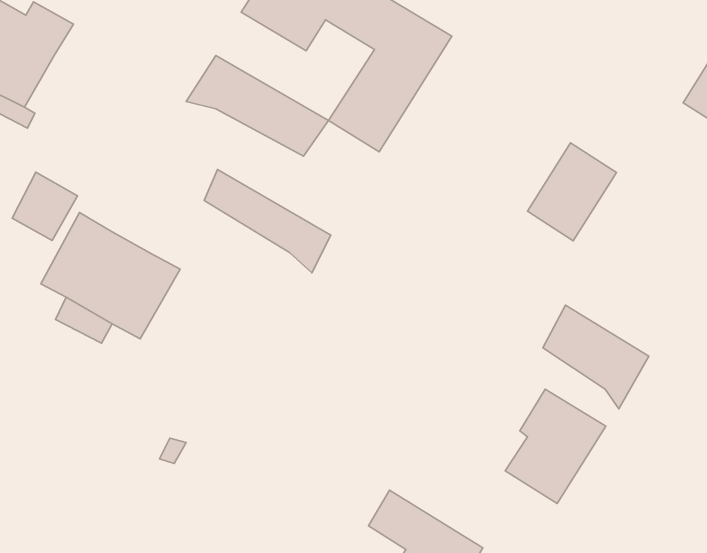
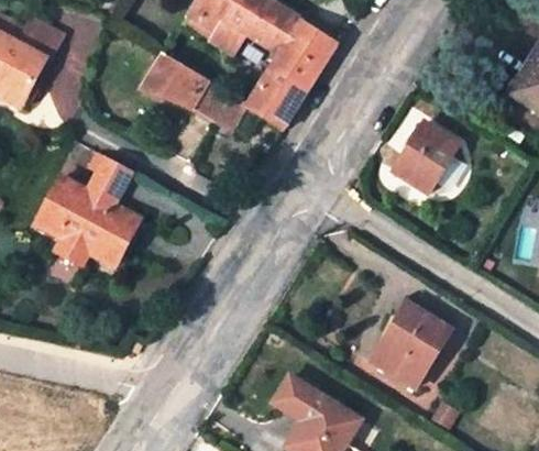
building: [204,170,331,273] -> none
building: [12,172,77,240] -> [86,152,134,202]
building: [543,305,649,409] -> none

